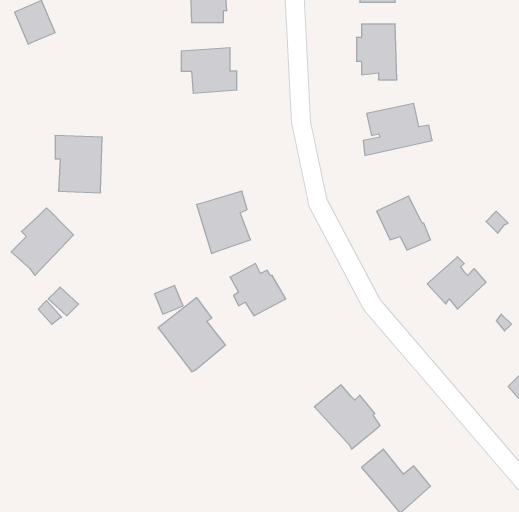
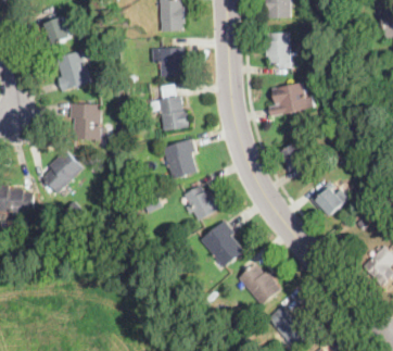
building: none -> [56,50,91,91]
building: none -> [151,84,188,130]
building: [158,298,225,372] -> [200,220,243,267]

